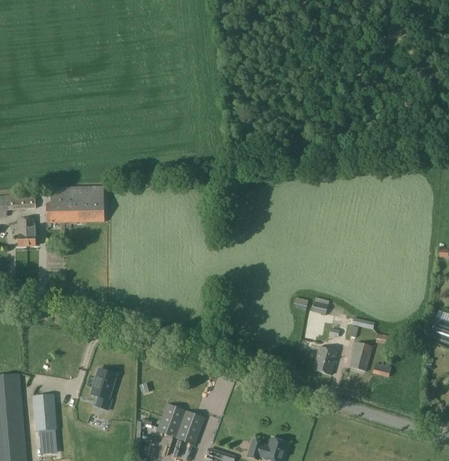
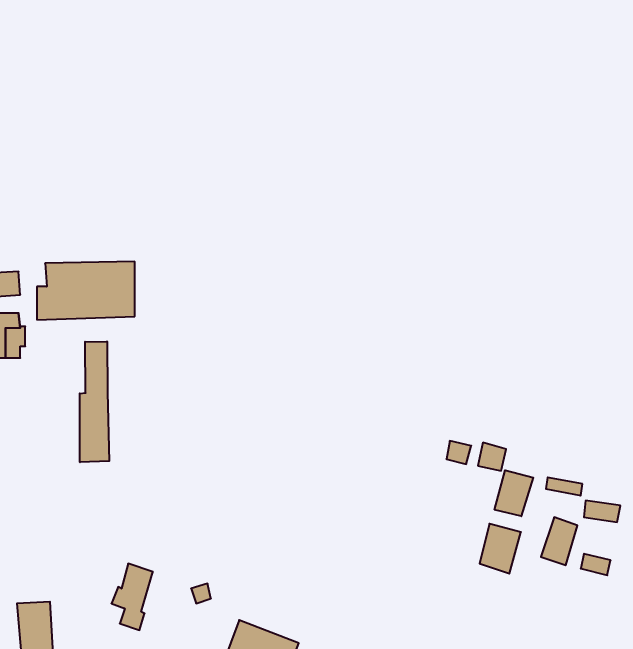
building: none -> [80,341,109,462]
building: none -> [495,470,533,516]

